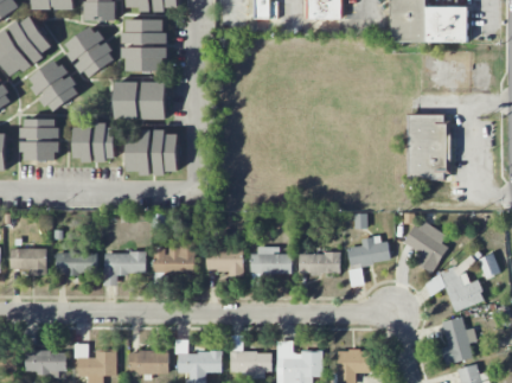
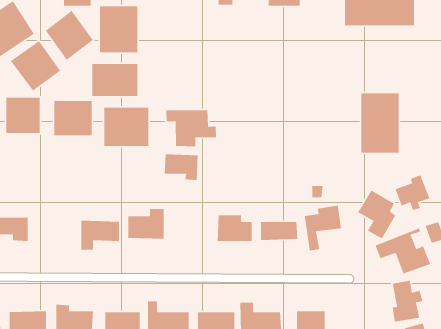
building: none -> [165,109,217,147]
building: none -> [394,174,430,211]
building: [205,248,243,277] -> [164,154,199,181]
building: [55,251,97,274] -> none

